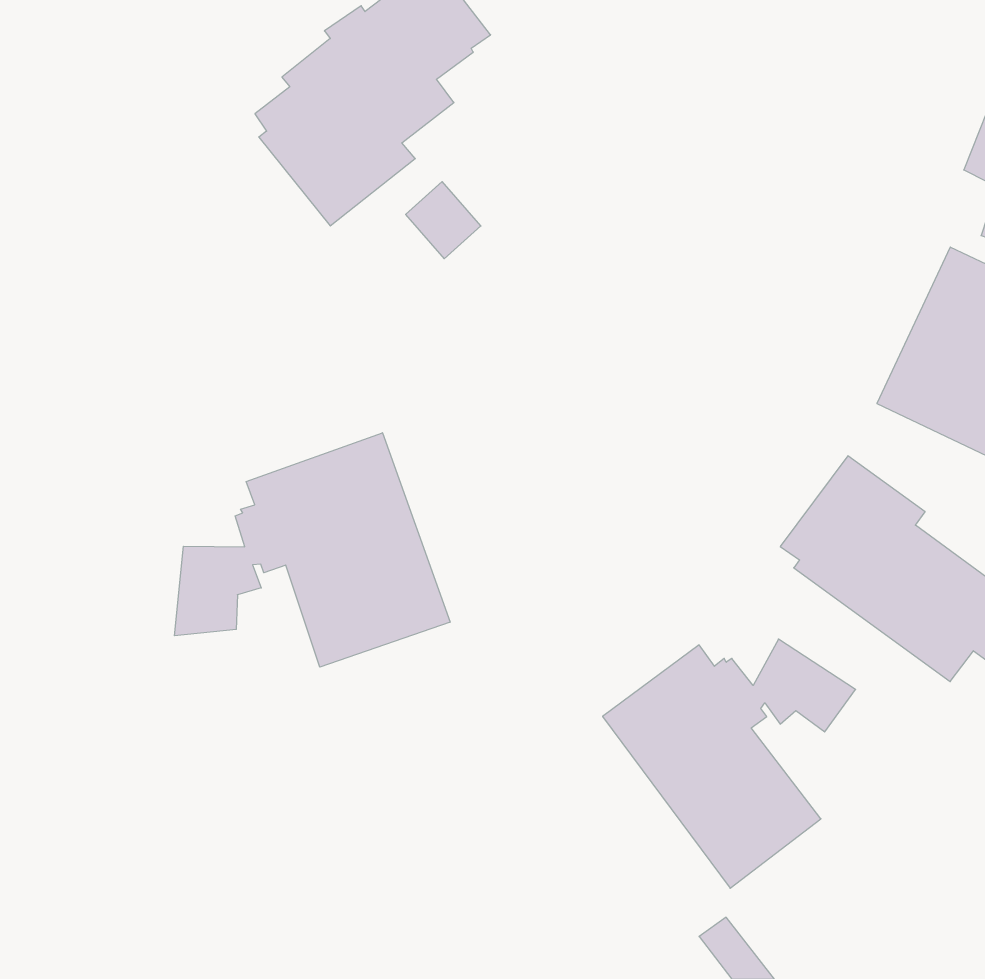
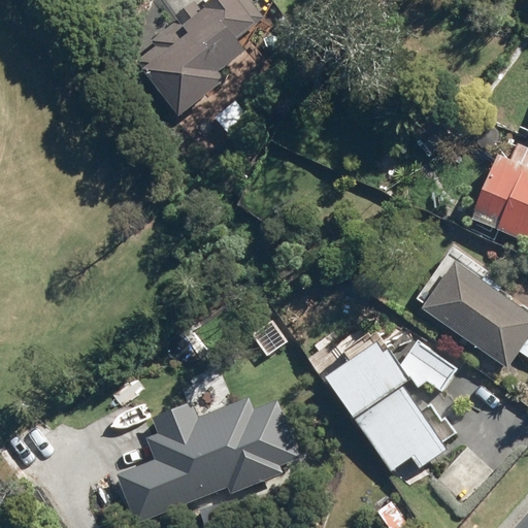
building: [174,433,450,667] -> none
building: none -> [122,386,303,518]

